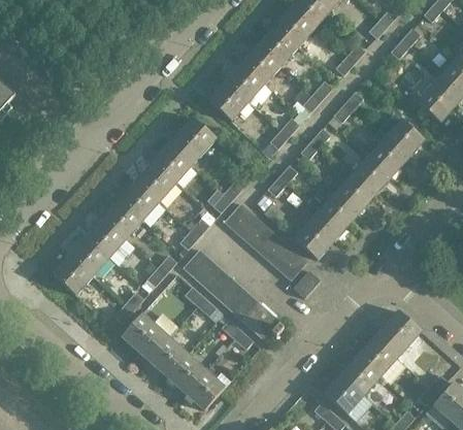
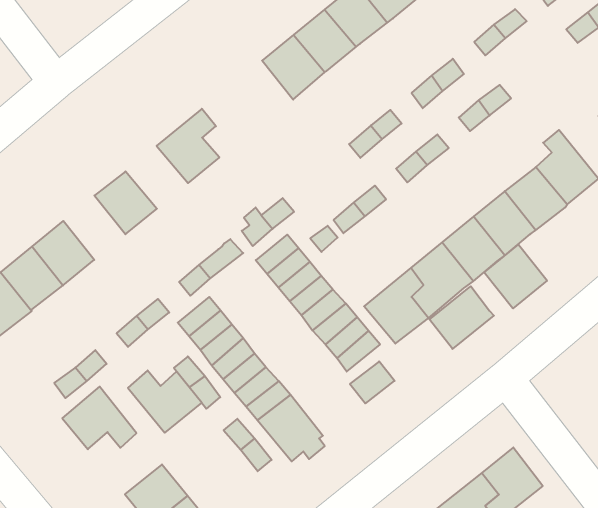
building: [176,117,216,163] -> none
building: [136,162,175,200] -> none
building: none -> [484,244,547,308]
building: [103,198,142,237] -> none
building: none -> [429,286,494,349]
building: [140,338,187,376] -> [128,370,202,433]

